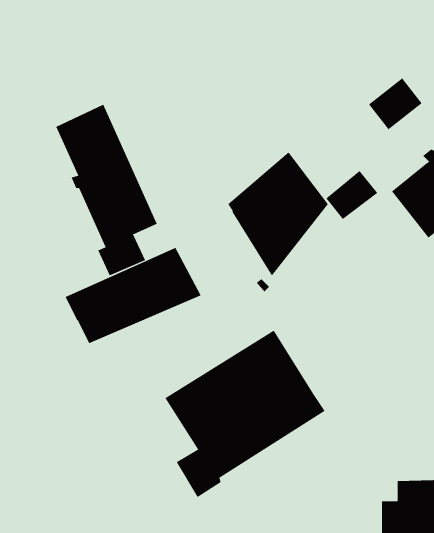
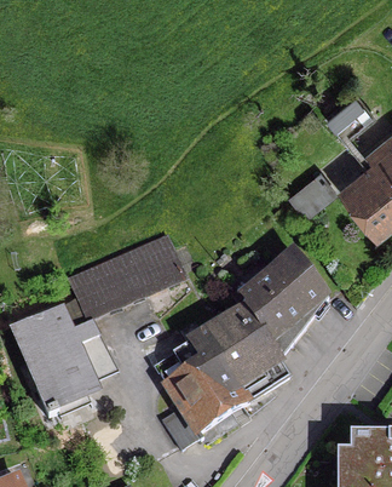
building: [56,104,157,276] -> none
building: [228,151,329,277] -> [242,252,328,359]
building: none -> [18,297,114,414]

